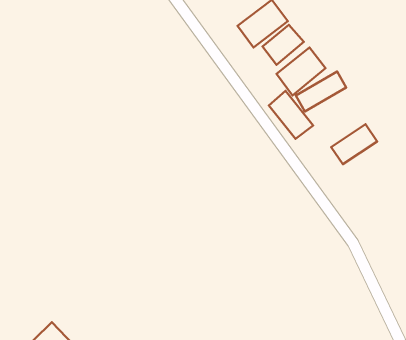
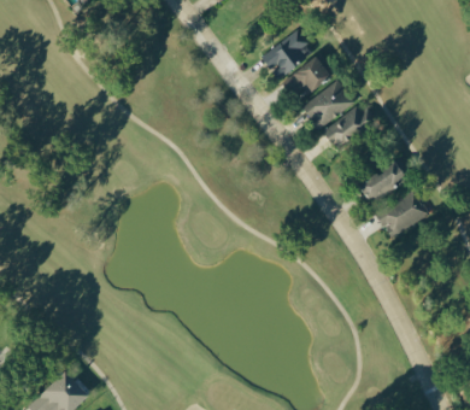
building: [269,91,313,139] -> none
building: none -> [376,192,429,239]

